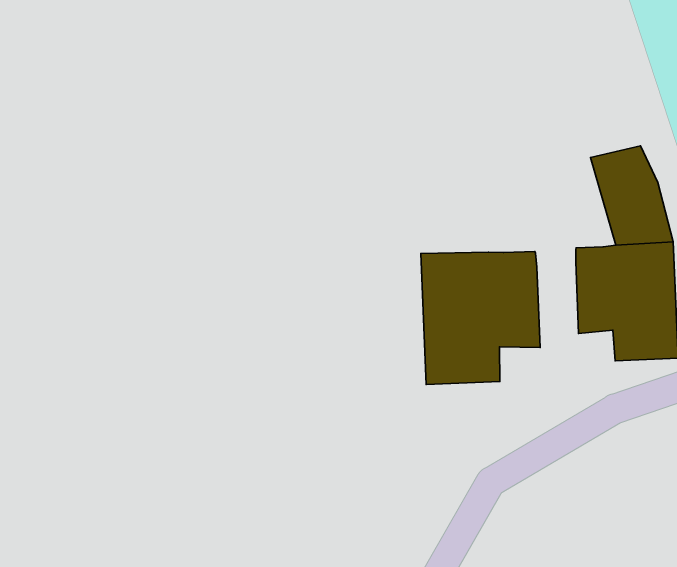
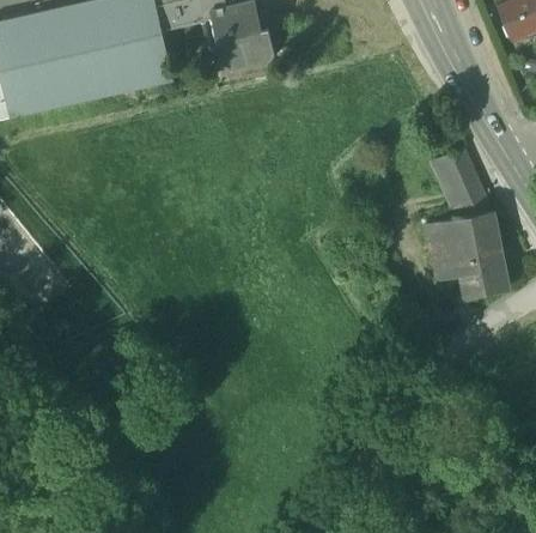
building: [421,251,540,384] -> none

